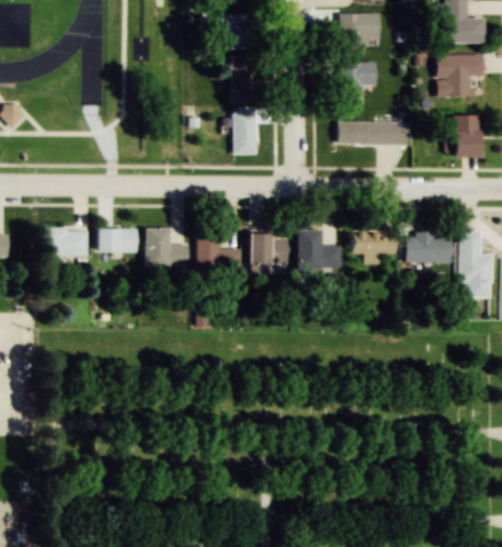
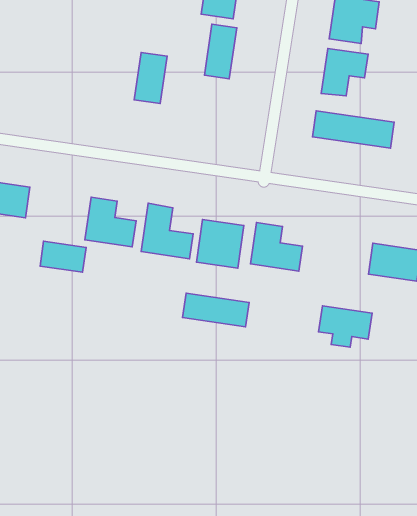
building: [232,111,256,155] -> [134,53,167,104]
building: [96,229,136,252] -> [40,241,86,272]
building: [352,230,398,264] -> [319,306,372,347]
building: none -> [183,293,249,327]

